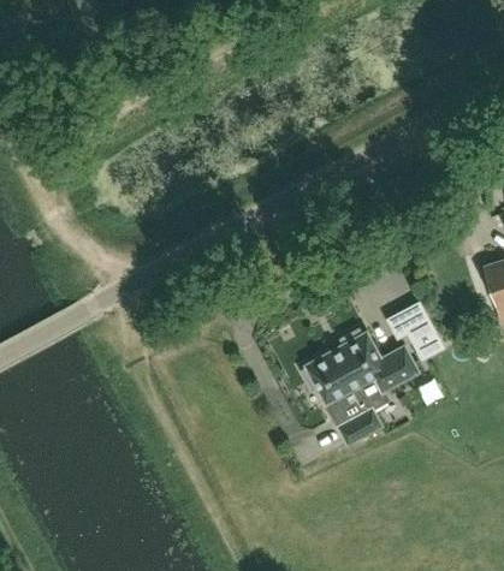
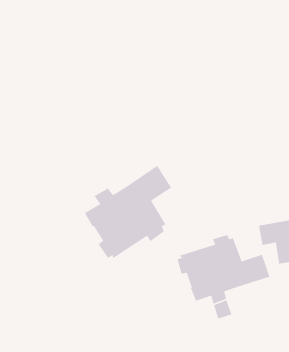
building: none -> [84,165,172,260]

